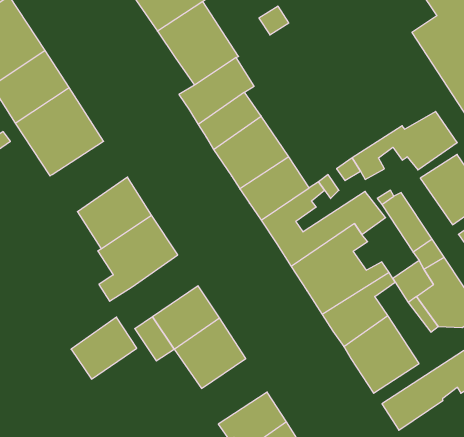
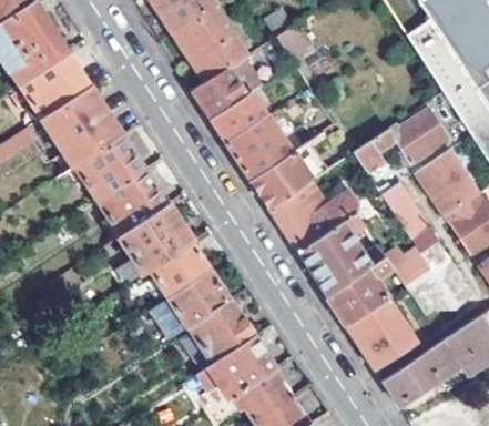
building: none -> [74,135,144,201]
building: [71,317,137,379] -> [149,241,210,298]
building: none -> [205,337,274,400]

